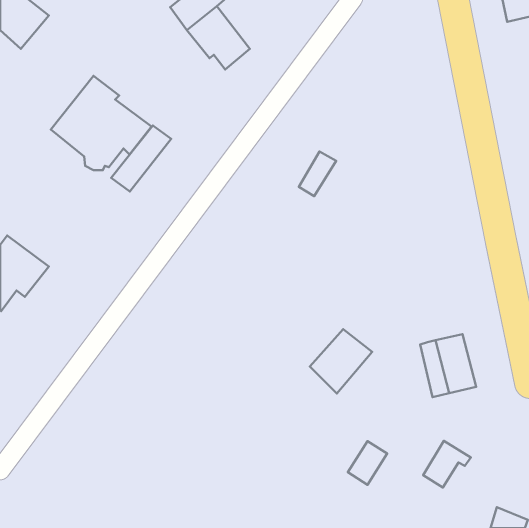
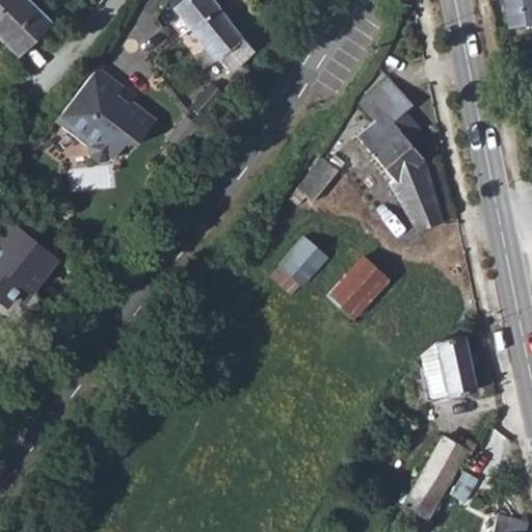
building: none -> [340,79,444,225]
building: [111,125,171,191] -> none
building: none -> [278,233,327,283]
building: [310,329,372,393] -> [331,255,394,319]
building: [348,441,387,485] -> [405,476,445,520]

